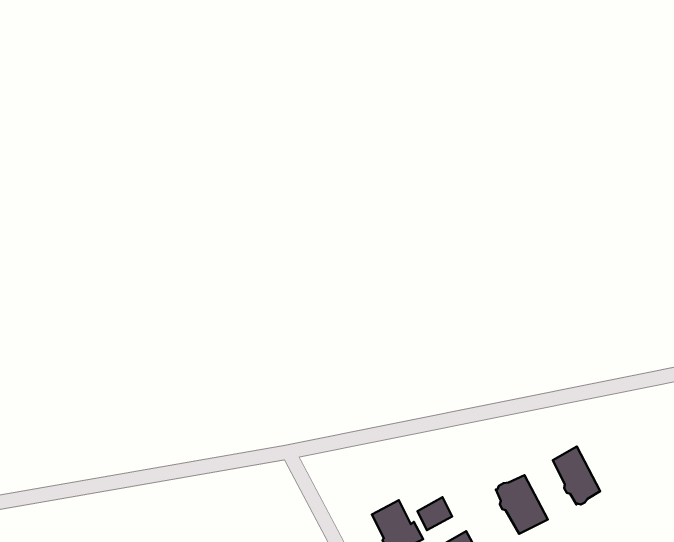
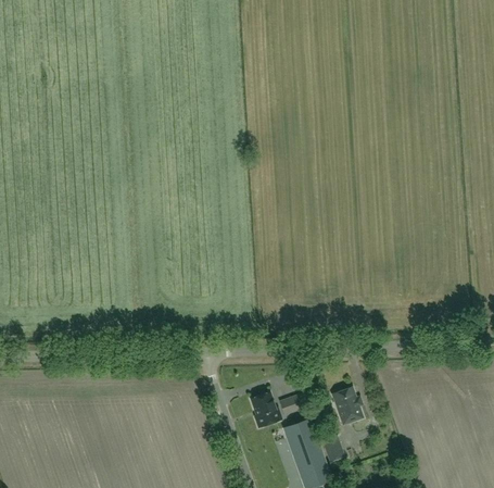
building: [553,447,600,505] -> none

